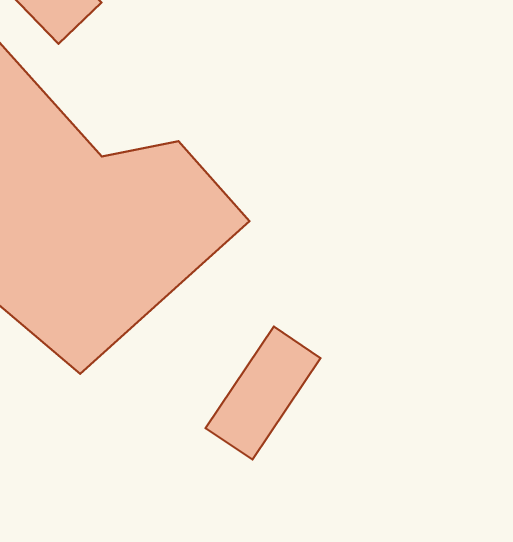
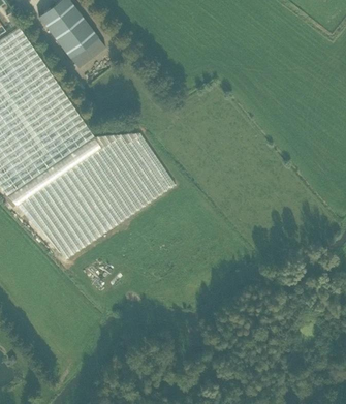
building: [205,327,321,460] -> none

